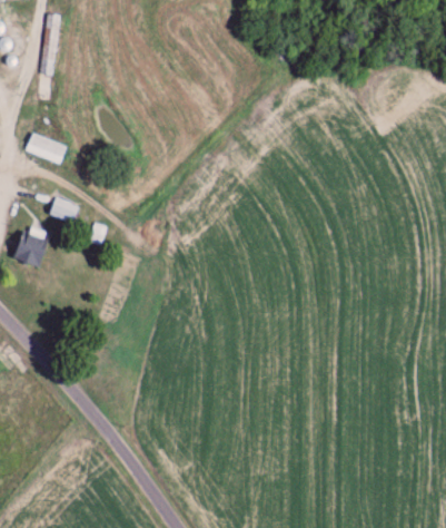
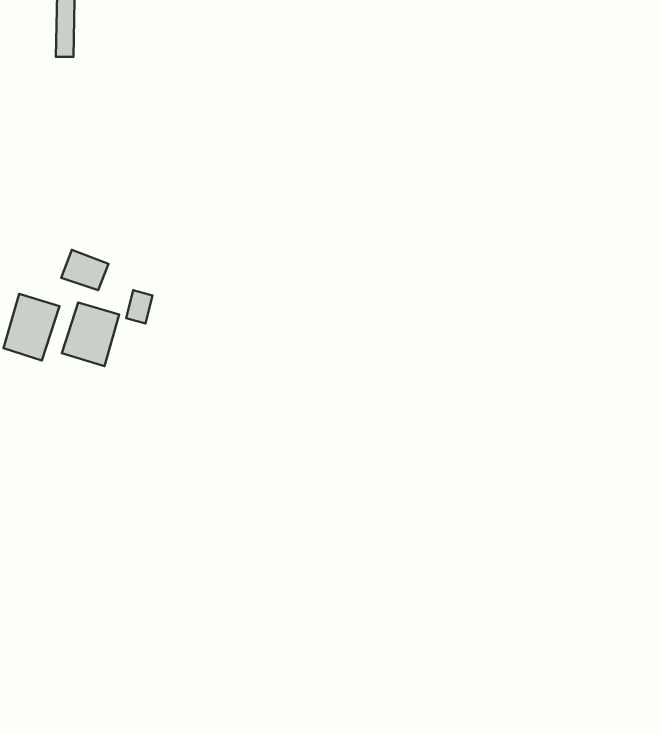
building: [24,133,67,165] -> none
building: none -> [62,303,119,366]

